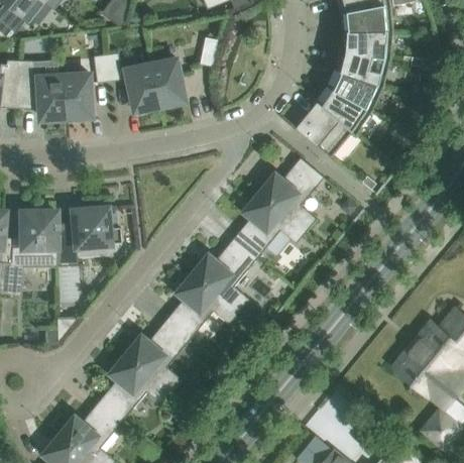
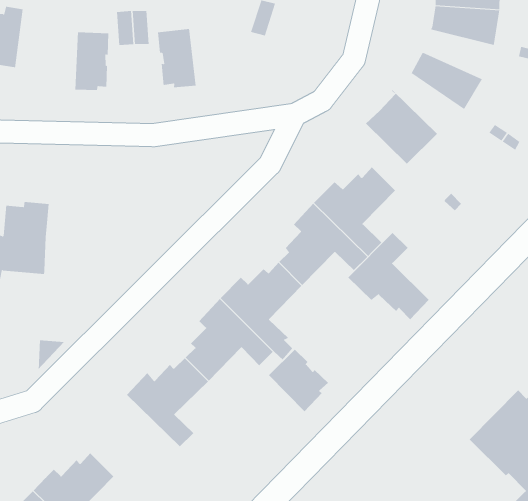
building: [334,48,389,84] -> none
building: [150,57,184,108] -> none
building: [17,60,65,120] -> none
building: [313,84,370,132] -> none
building: [52,206,119,262] -> none
building: none -> [348,232,430,320]
building: none -> [268,349,329,412]
building: [101,354,170,419] -> none

